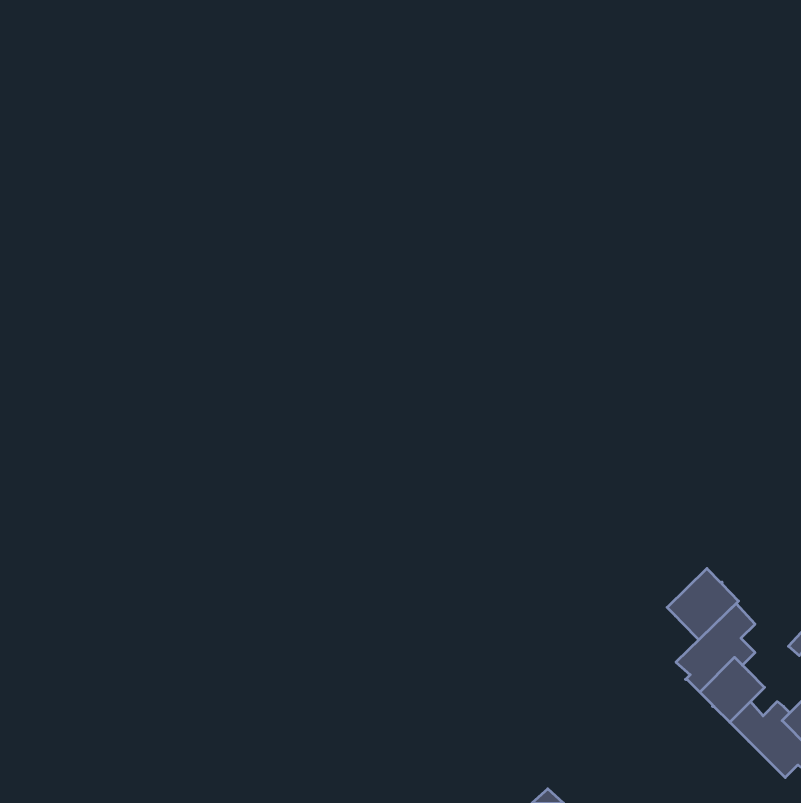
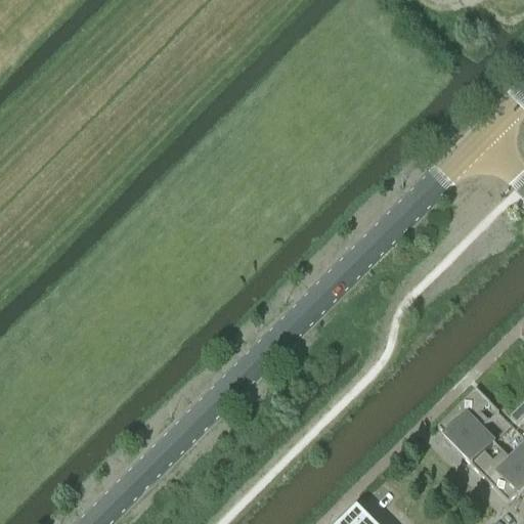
building: [667,568,739,640] -> none

